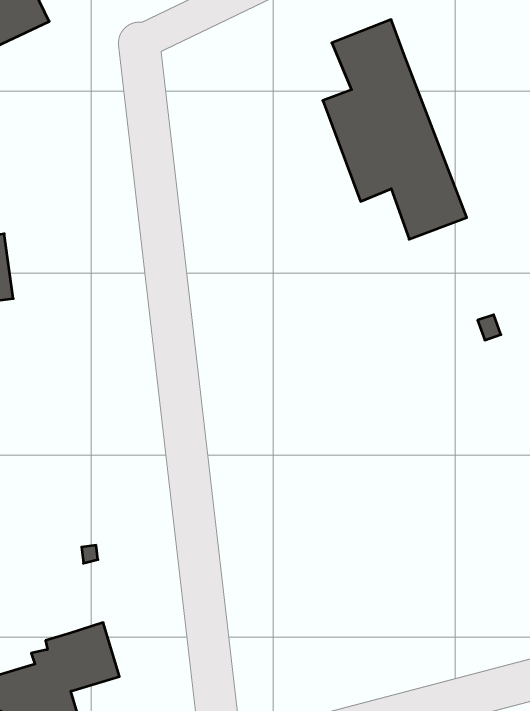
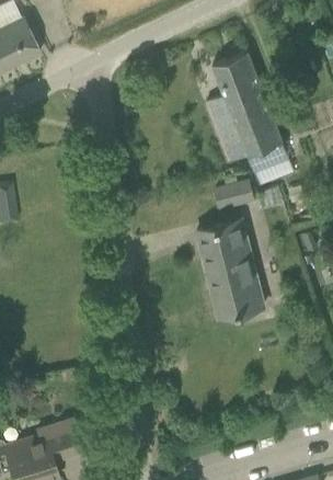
building: none -> [215,181,254,209]
building: none -> [196,219,263,318]

